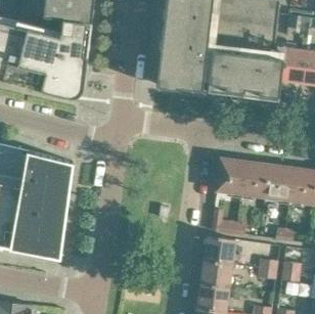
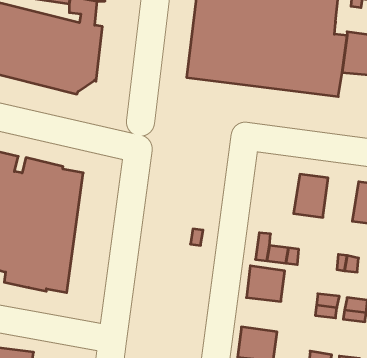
building: [216,159,246,194] -> none
building: [265,166,294,200] -> none
building: [199,262,231,289] -> none

